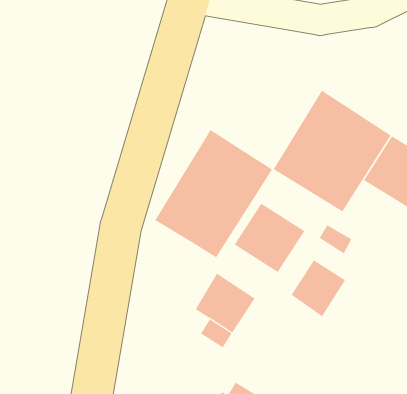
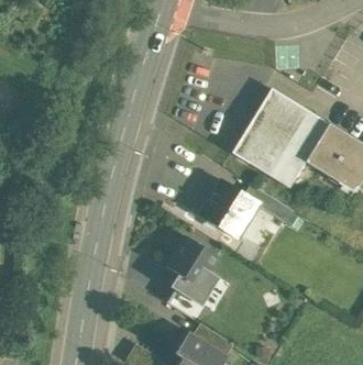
building: [155,129,273,258] -> none
building: [291,260,346,317] -> none

